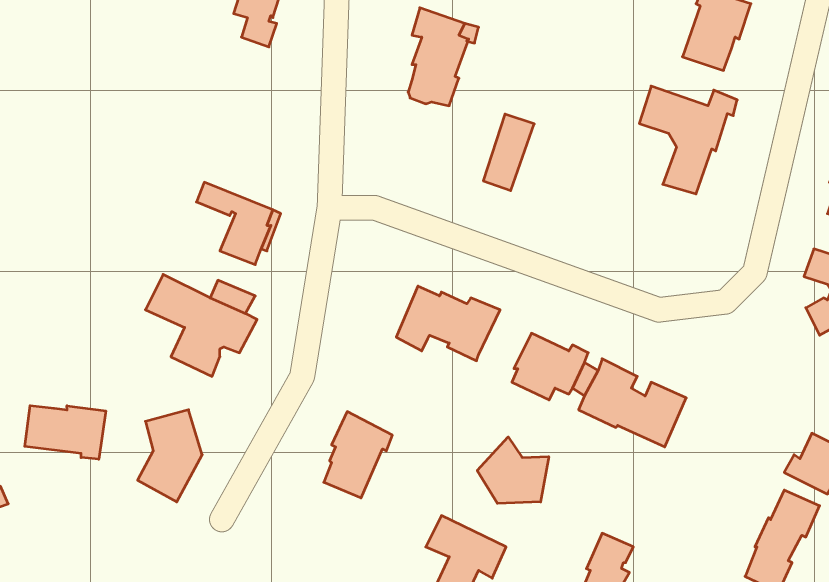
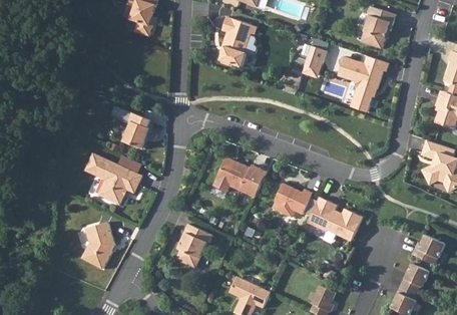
building: [483,114,534,191] -> [301,39,327,78]
building: [25,406,106,459] -> none
building: [477,437,549,503] -> none

